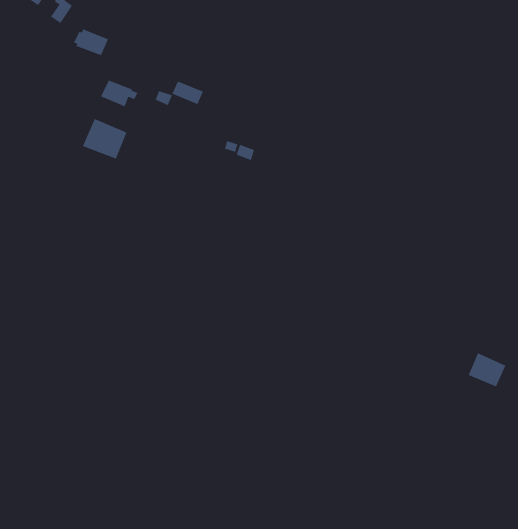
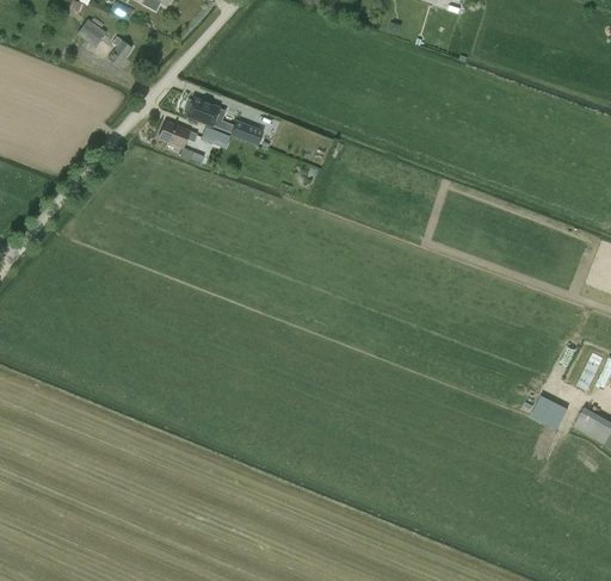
building: [73,28,109,56] -> [184,98,220,125]
building: [82,118,127,160] -> none

